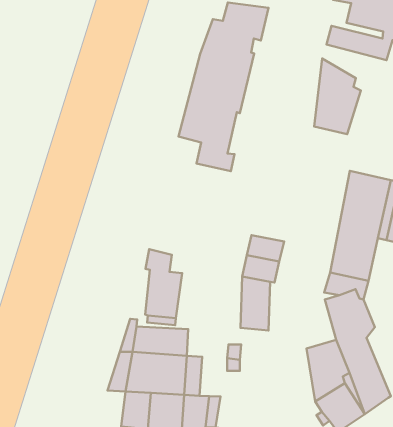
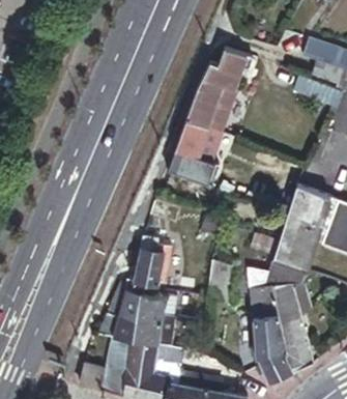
building: [314,58,361,134] -> none
building: none -> [252,273,282,319]

